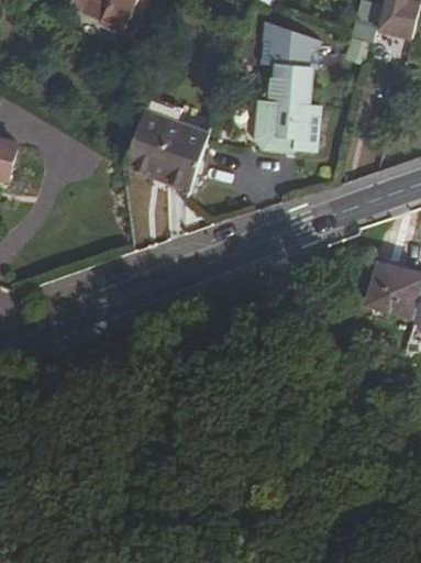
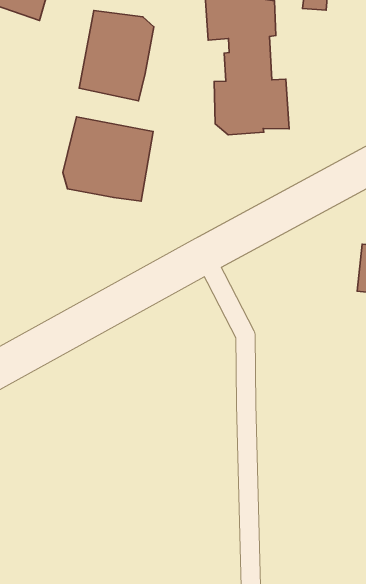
building: none -> [79,11,154,101]

